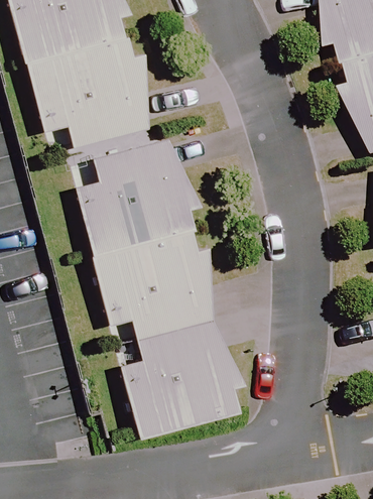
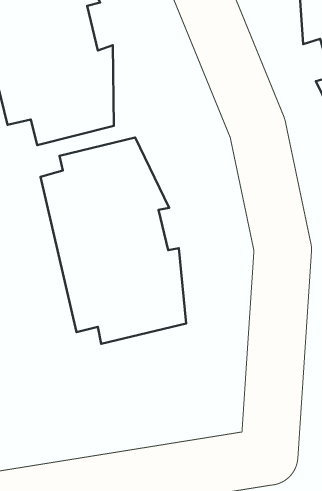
building: [118,318,247,439] -> none

